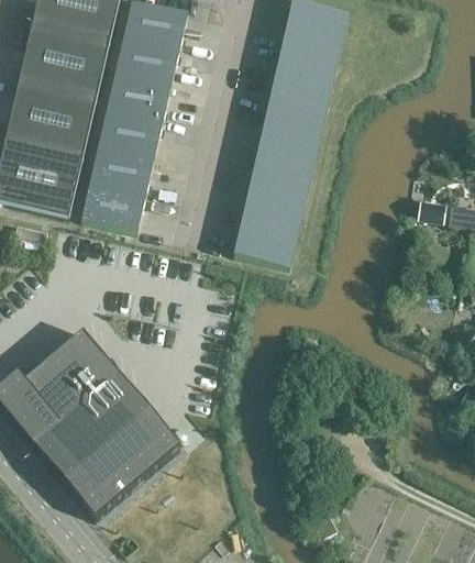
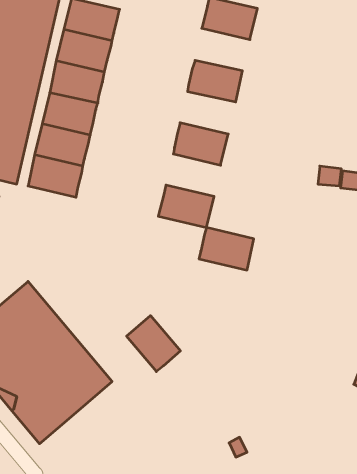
building: [277,33,341,82] -> none
building: [259,107,324,156] -> none
building: [243,179,307,229] -> [199,228,254,270]
building: none -> [127,316,180,372]

